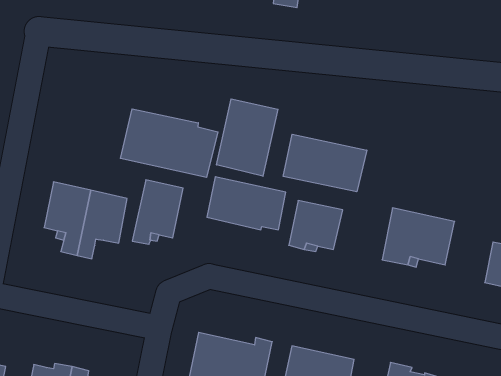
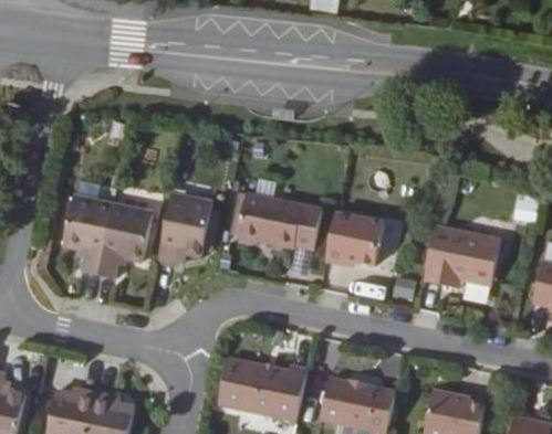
building: [217,99,278,176] -> none
building: [120,109,218,177] -> none
building: [283,134,367,192] -> none

